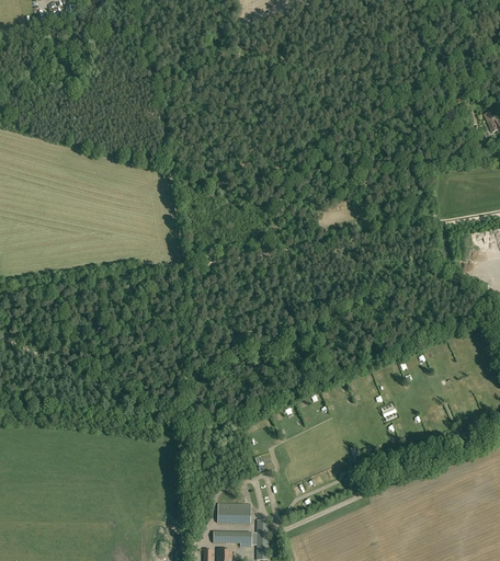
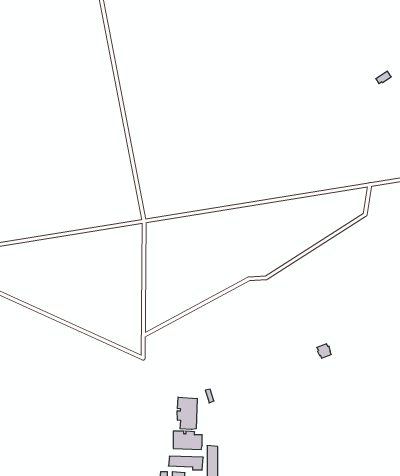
building: none -> [177,397,197,430]

